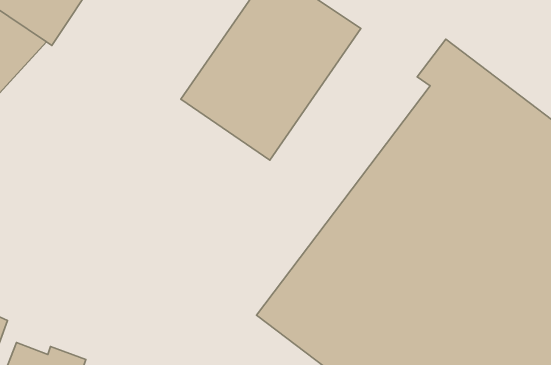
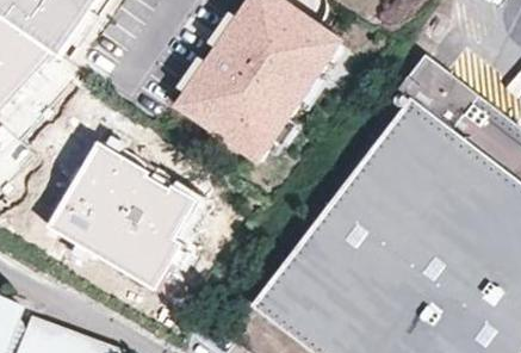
building: none -> [51,144,201,293]

